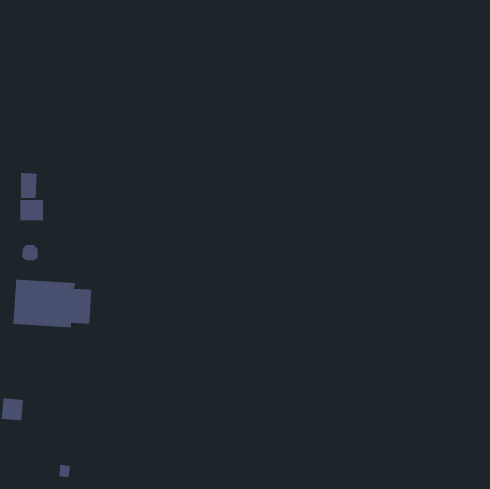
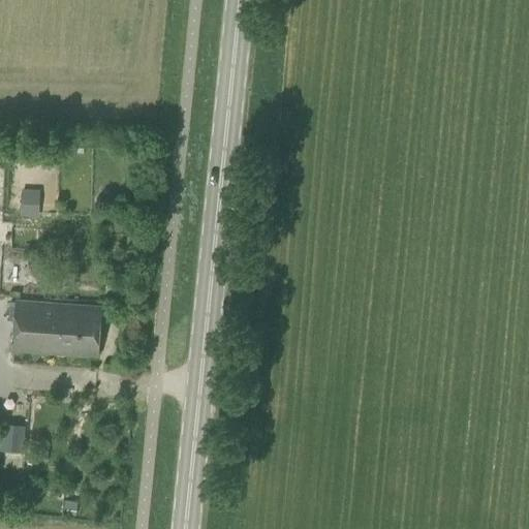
building: [20,199,44,221] -> none

